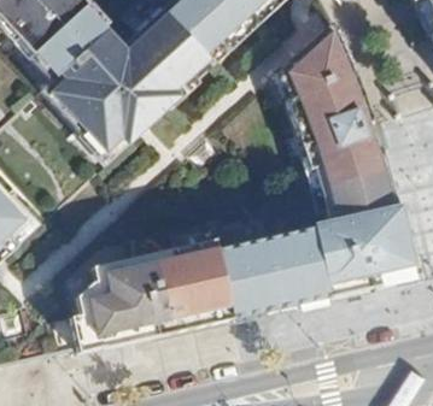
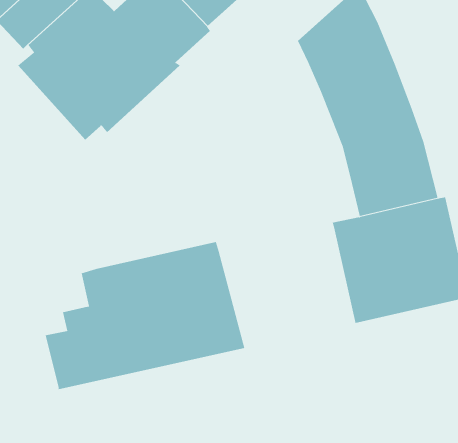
building: [215,222,328,323] -> none

